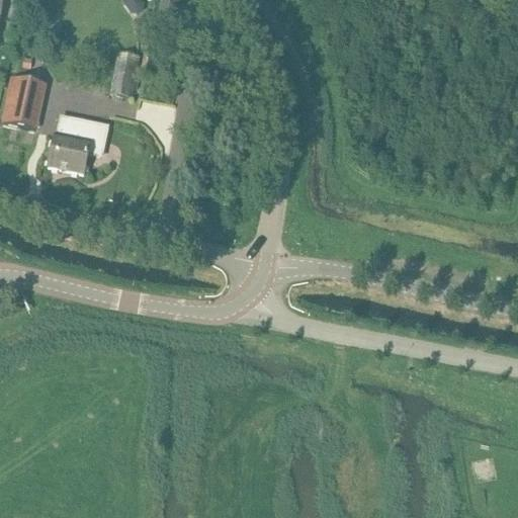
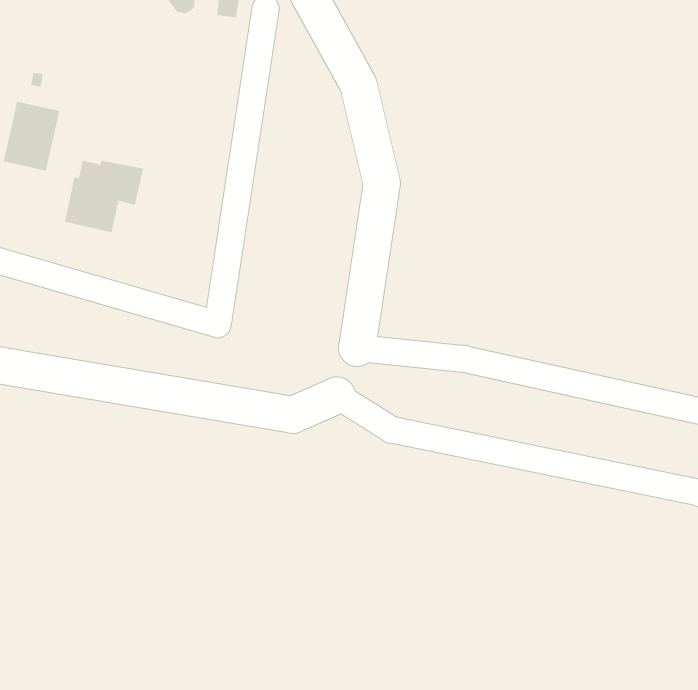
building: [110,50,140,94] -> none

